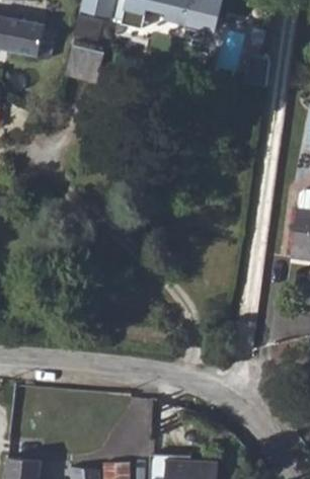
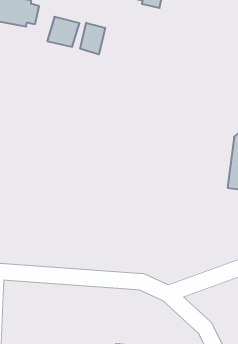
building: none -> [80,23,105,54]

